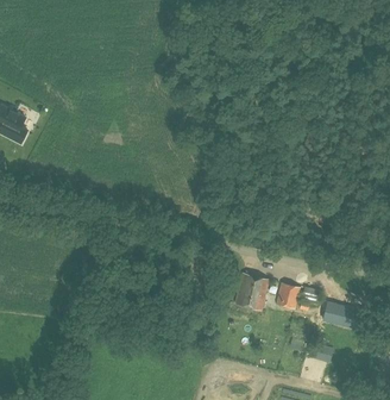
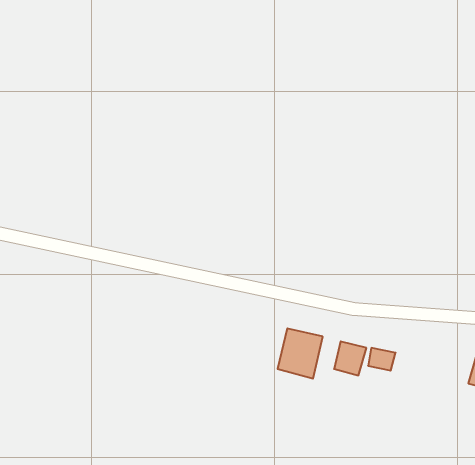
building: [323,300,367,329] -> none

